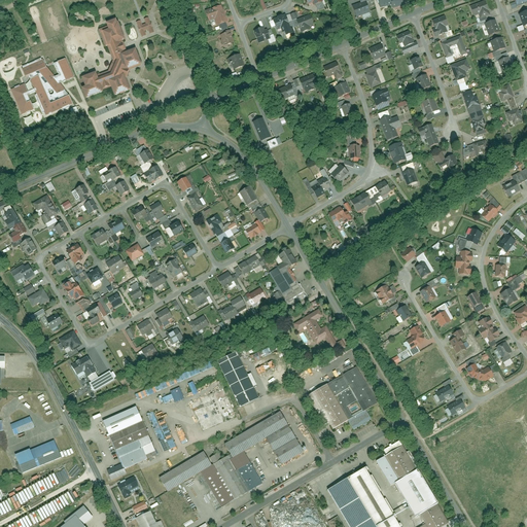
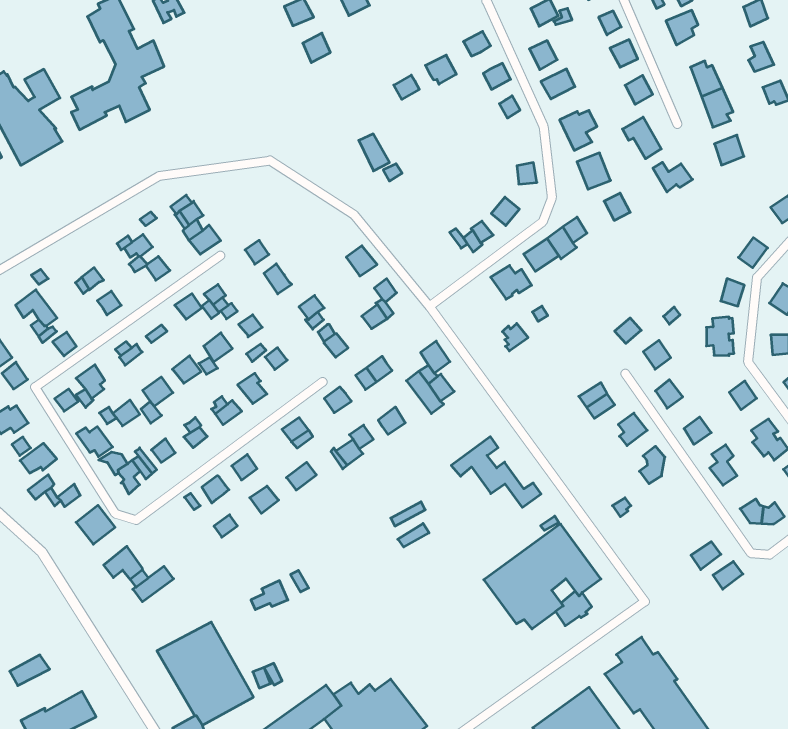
building: [216,353,258,409] -> none
building: [224,413,304,466] -> none

